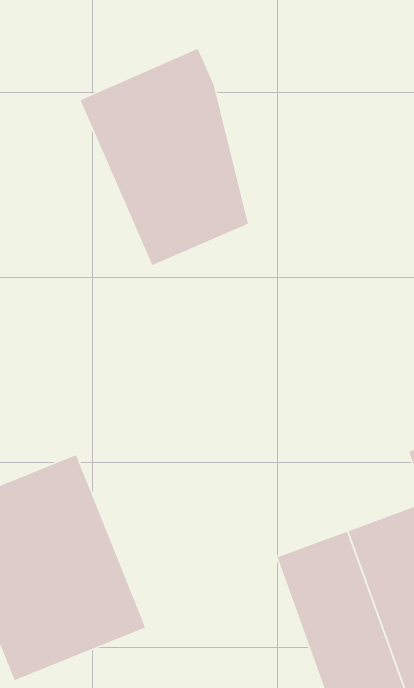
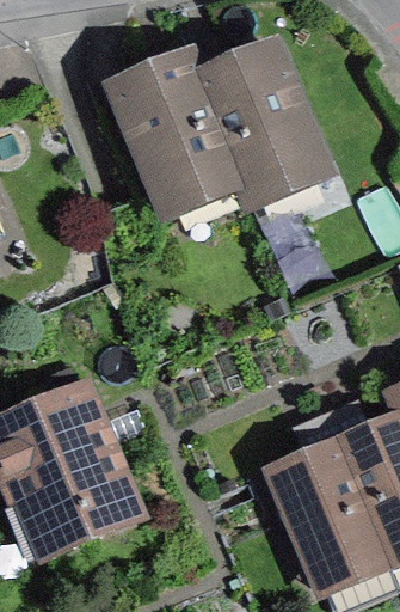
building: none -> [208,41,343,224]

